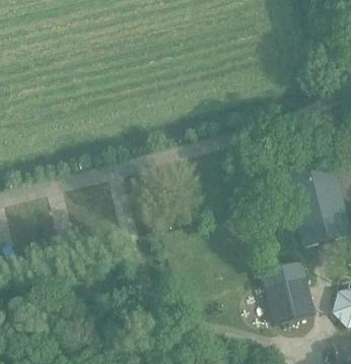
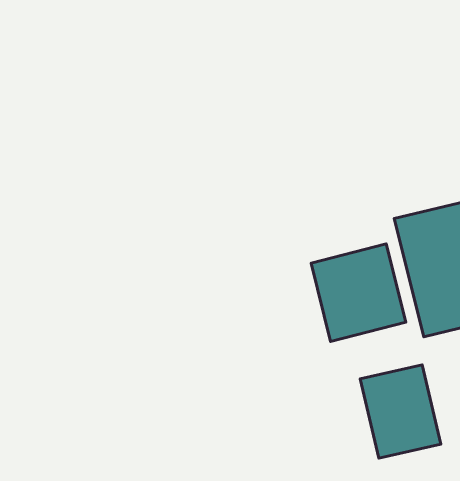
building: none -> [311,244,406,342]

